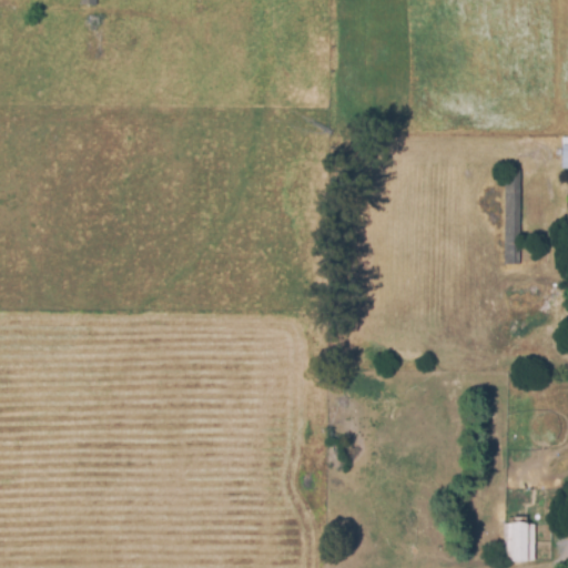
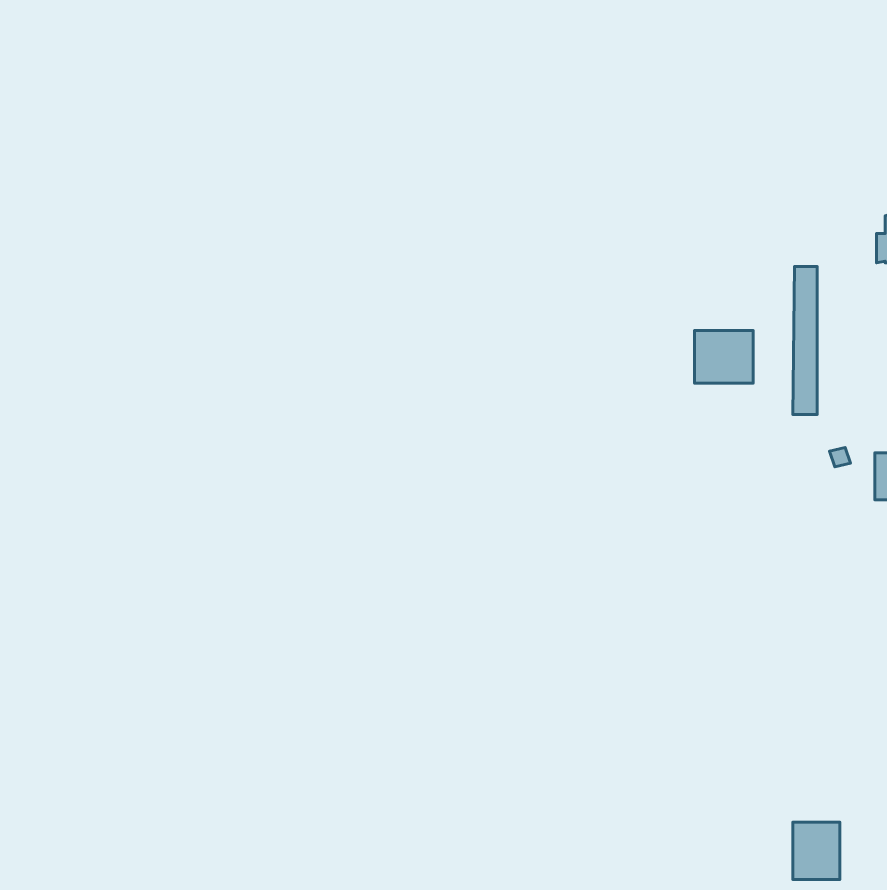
building: none -> [695,331,753,383]

